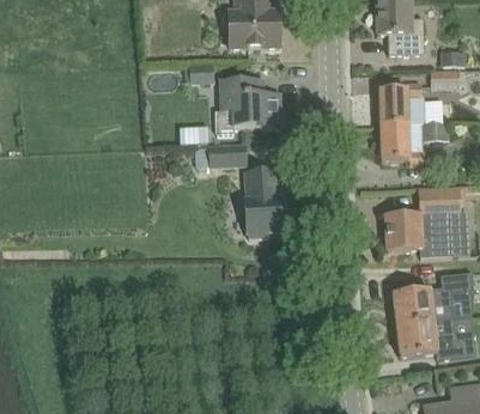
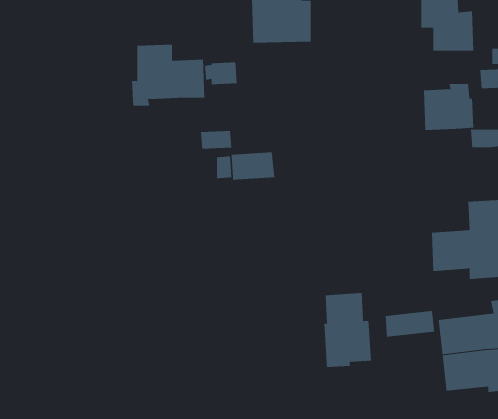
building: [215,79,281,134] -> [131,44,205,106]
building: [381,123,424,166] -> none
building: [243,170,286,237] -> [324,292,372,368]
building: none -> [385,310,435,337]

